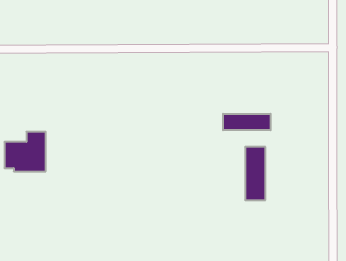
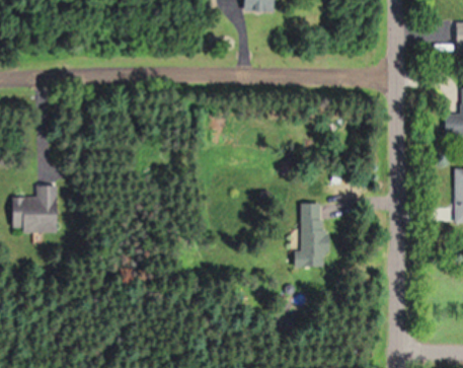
building: [223,114,271,130] -> none

